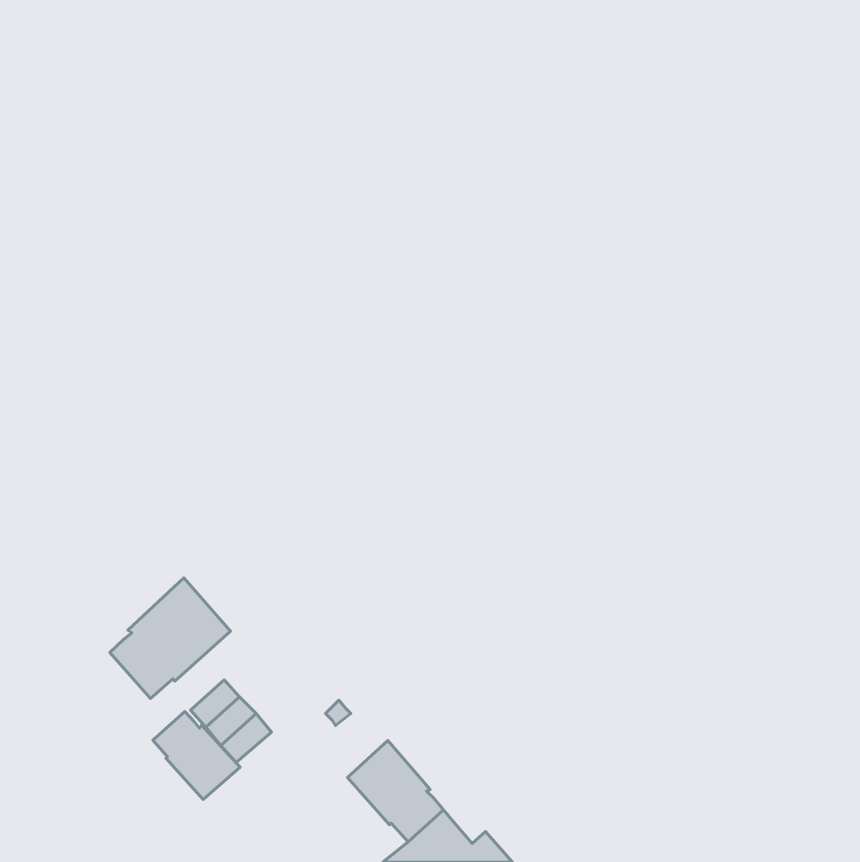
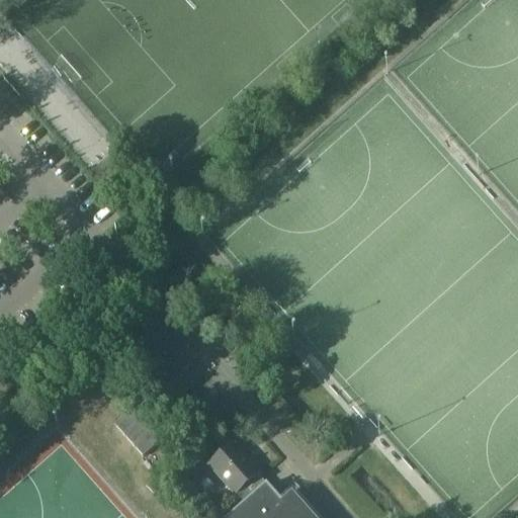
building: [110,578,230,698] -> none
building: [153,712,240,800] -> none

